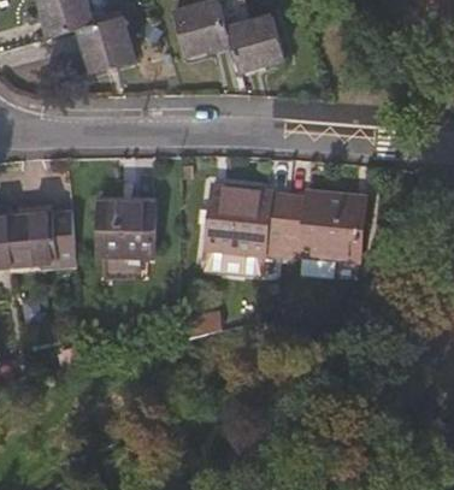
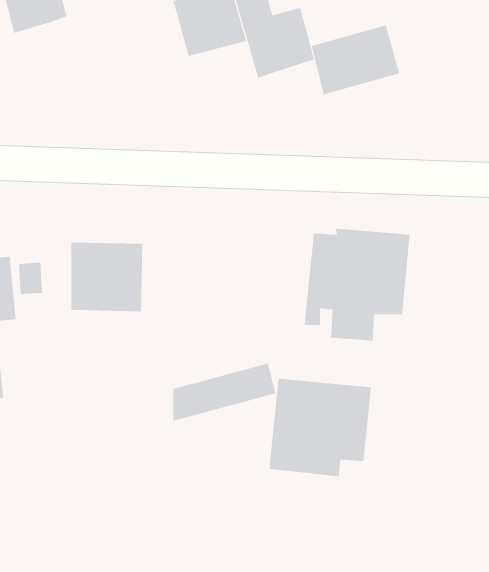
building: [79,18,135,76] -> none
building: none -> [311,25,400,95]
building: [204,187,284,264] -> [268,378,372,477]

